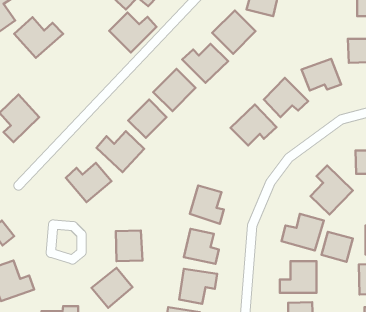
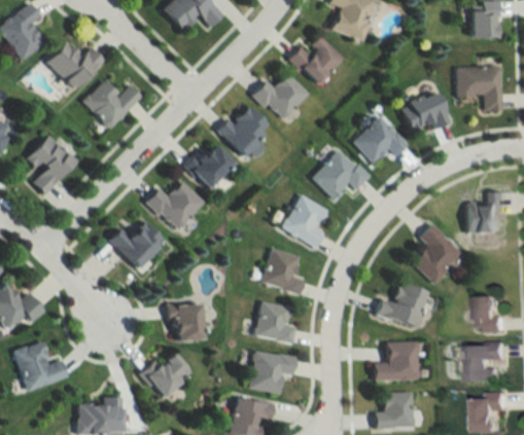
building: [109,13,157,53] -> [82,80,141,130]
building: none -> [281,193,326,247]
building: [321,232,353,262] -> none

